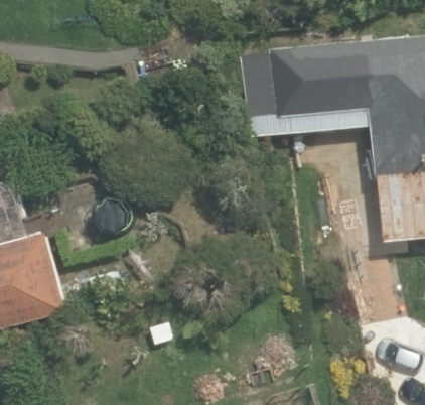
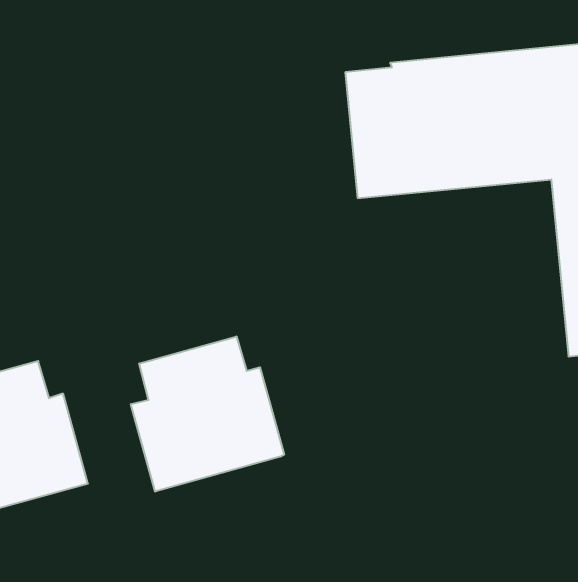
building: none -> [131,336,284,492]

